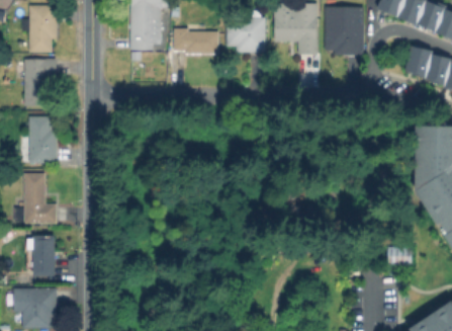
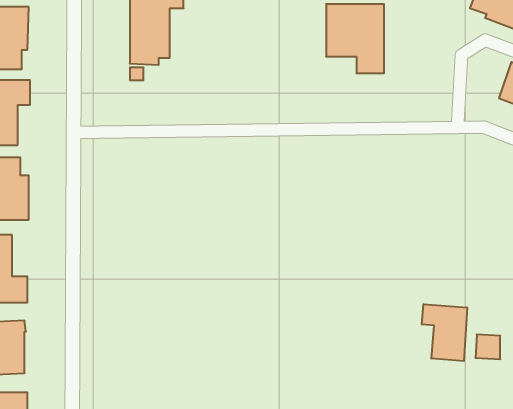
building: [326,7,363,55] -> none
building: [228,9,266,52] -> none
building: [174,28,219,54] -> none
building: none -> [422,304,467,361]

